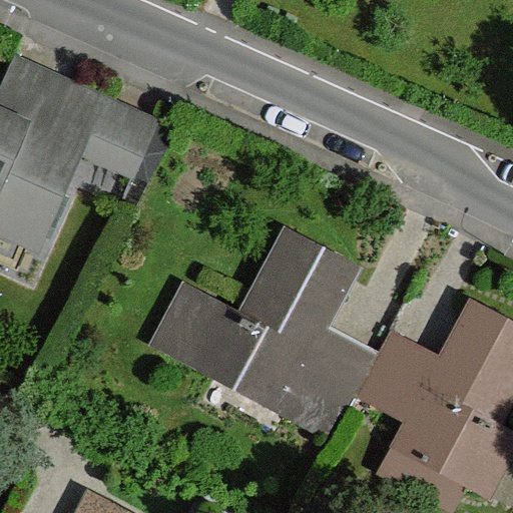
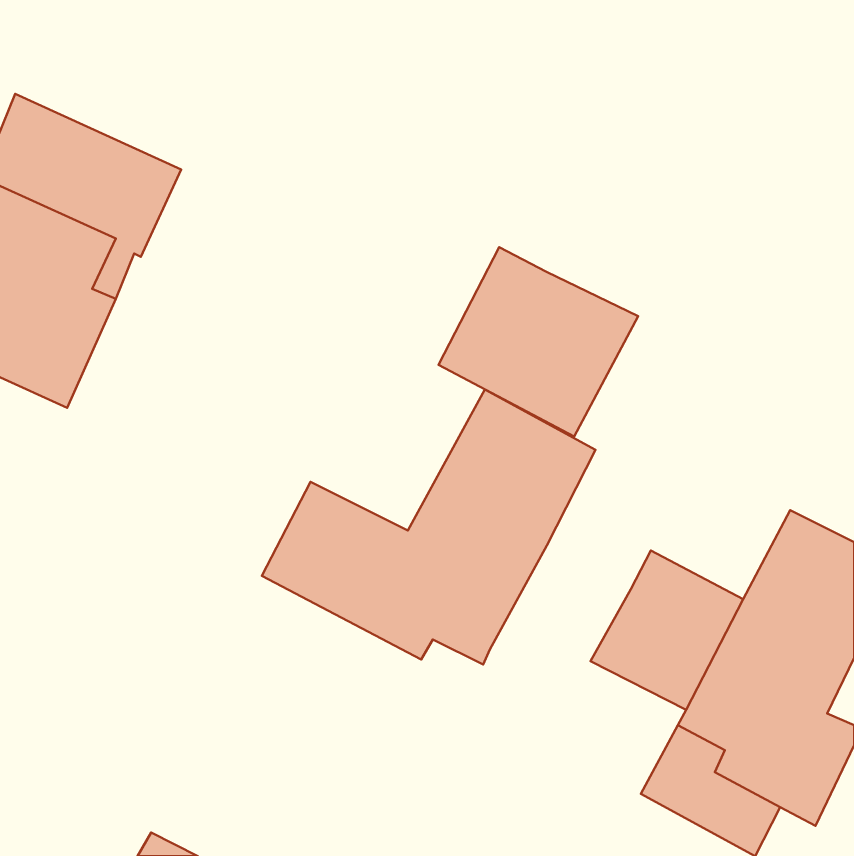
building: [84,101,157,176] -> none
building: none -> [438,247,638,436]
building: [293,326,377,412] -> none

